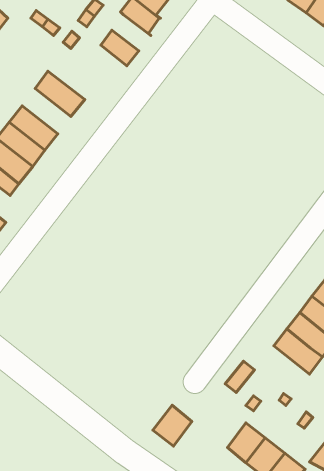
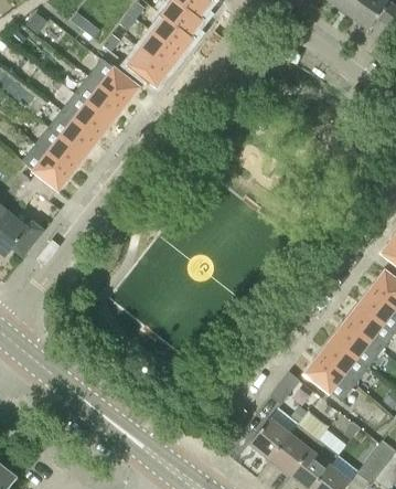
building: none -> [153,18,193,54]
building: none -> [129,49,169,86]
building: none -> [88,59,139,104]
building: none -> [49,83,111,139]
building: none -> [304,355,355,402]
building: [153,405,192,446] -> [250,417,290,459]

